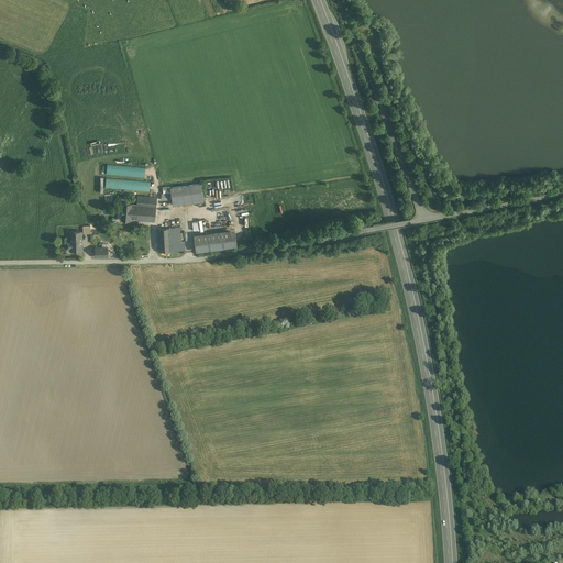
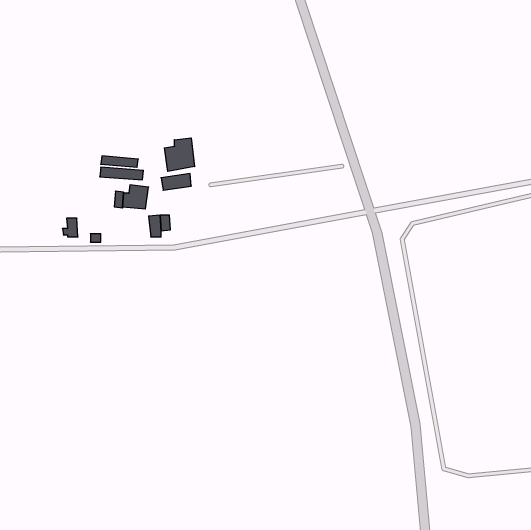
building: none -> [164,138,195,171]
building: [195,231,235,252] -> none

